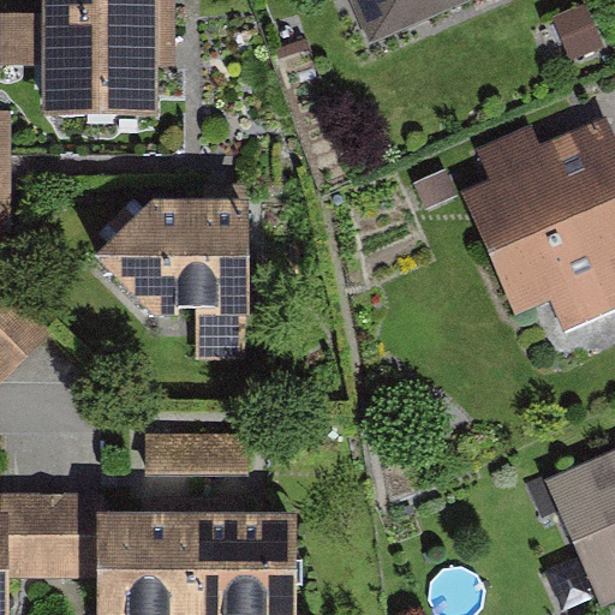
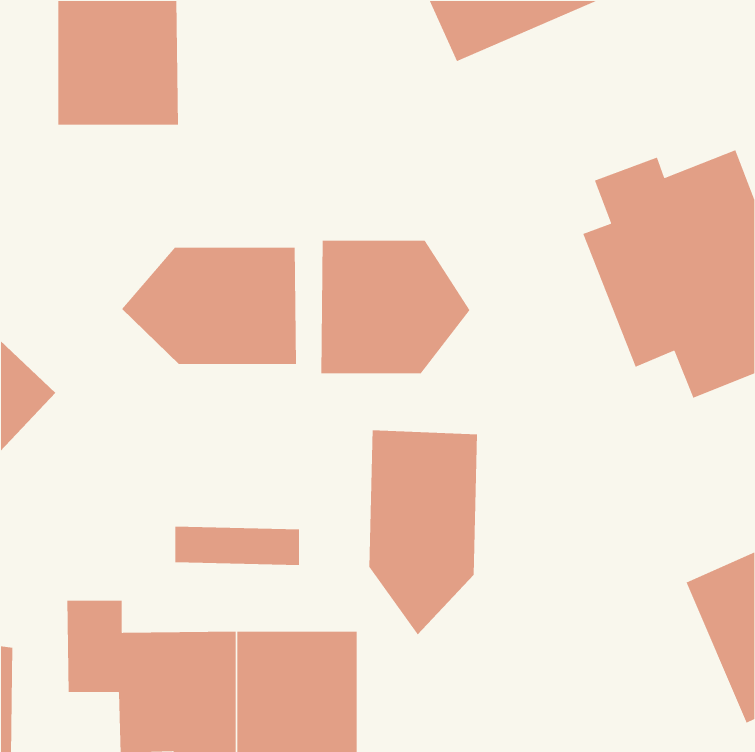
building: none -> [320,240,470,374]
building: none -> [369,430,478,636]

